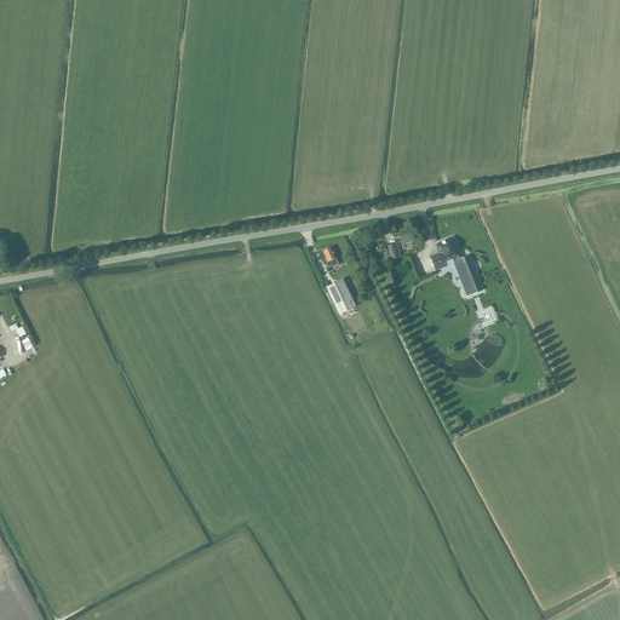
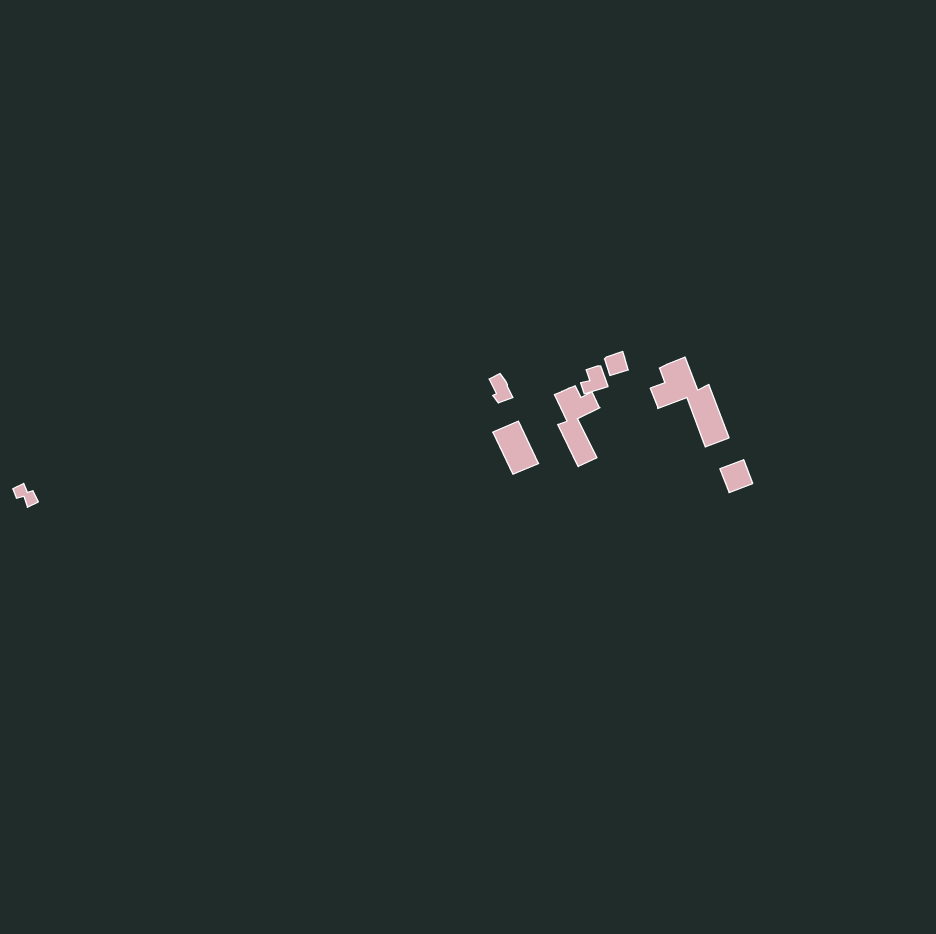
building: none -> [555,386,600,467]

